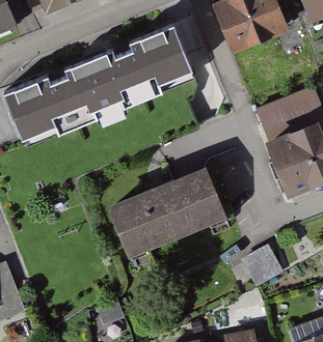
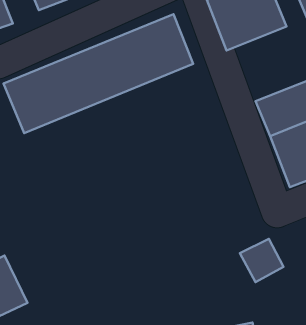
building: [105,168,227,262] -> none

